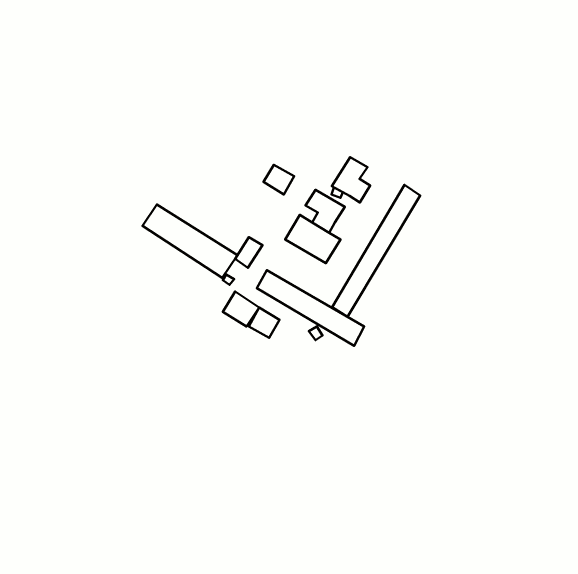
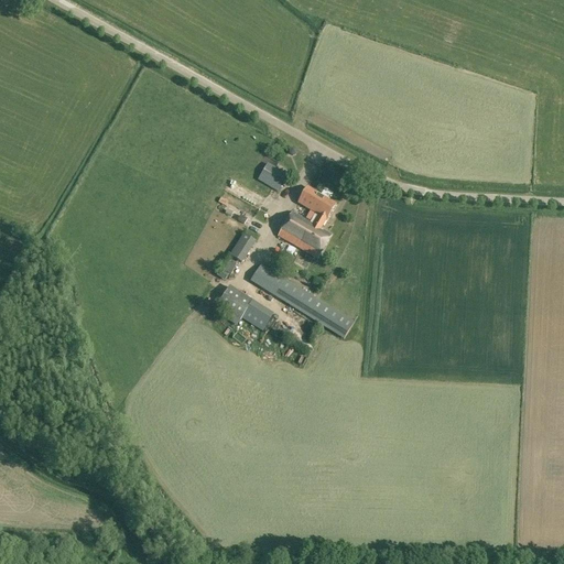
building: [332,157,370,203] -> none
building: [332,185,420,317] -> none
building: [142,204,237,278] -> none

